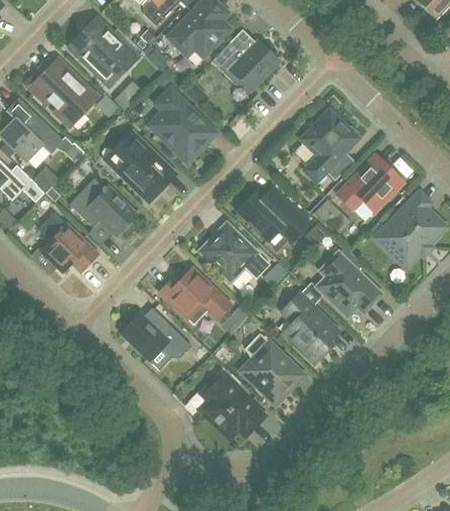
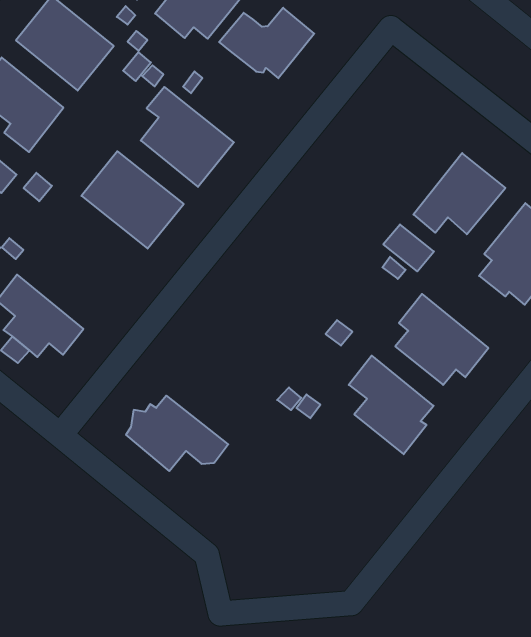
building: [302,110,358,181] -> none
building: [69,177,137,235] -> none
building: [238,187,309,252] -> none
building: [199,228,270,281] -> none
building: [160,267,232,324] -> none
building: [242,333,303,403] -> none
building: [200,373,265,437] -> none

